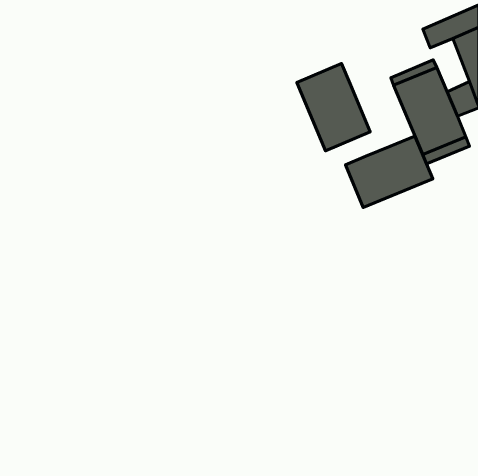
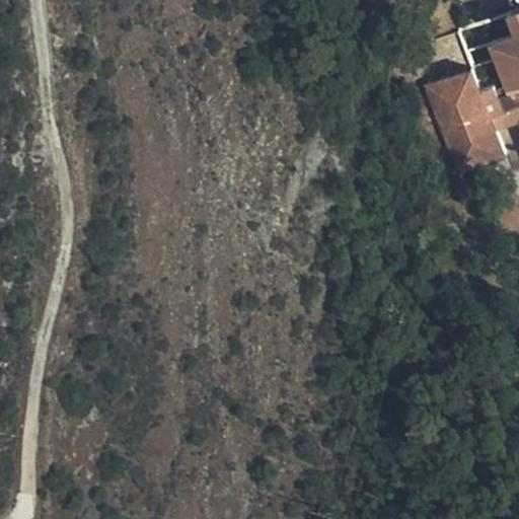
building: [297,64,370,151] -> none
building: [345,136,433,208] -> none

